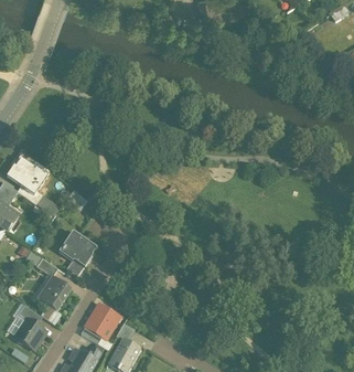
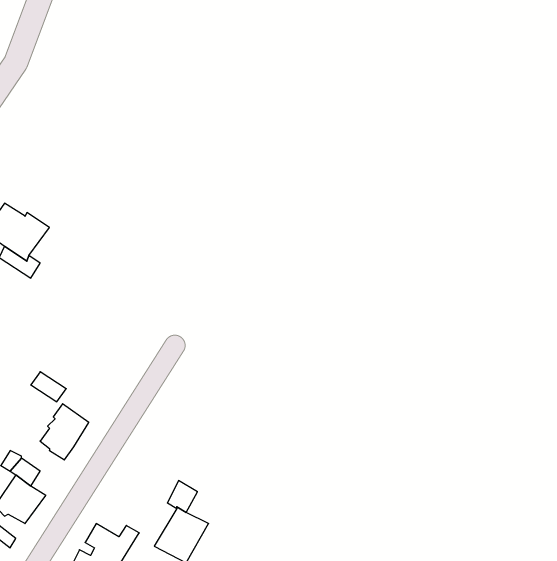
building: [60,231,96,276] -> none
building: [85,302,117,334] -> none

